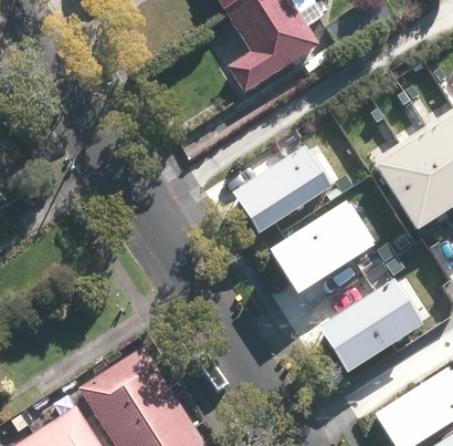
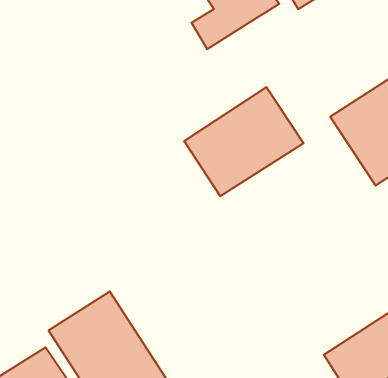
building: [257,193,382,307] -> none
building: [310,273,426,377] -> none

